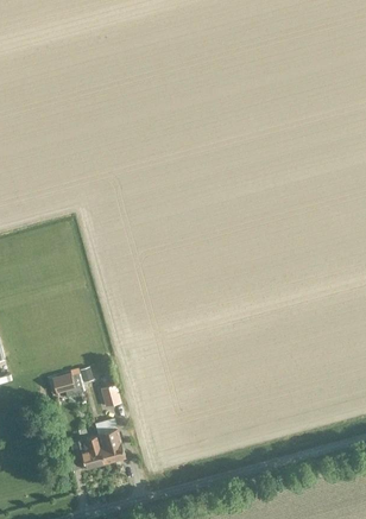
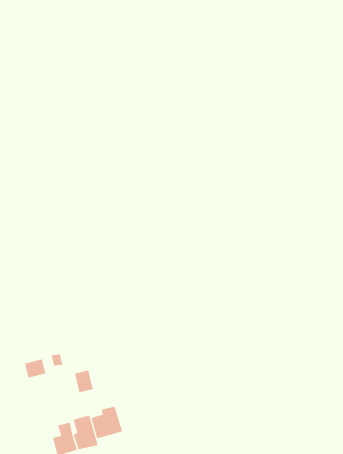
building: none -> [91,406,123,439]

